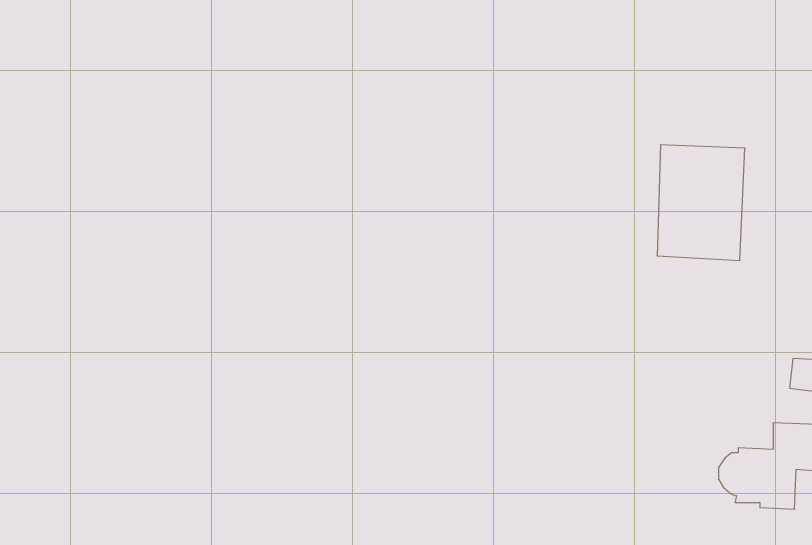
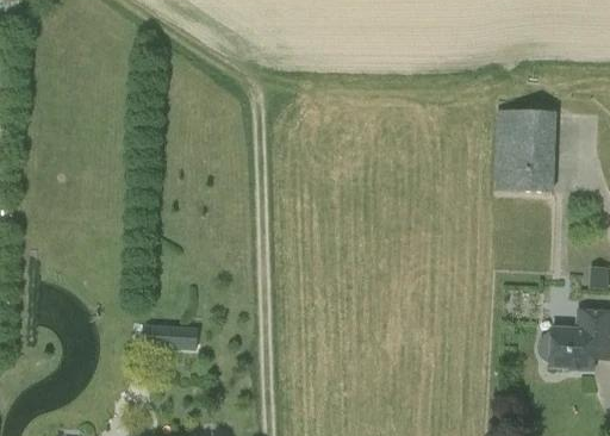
building: none -> [149,323,199,350]

